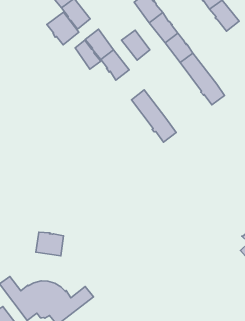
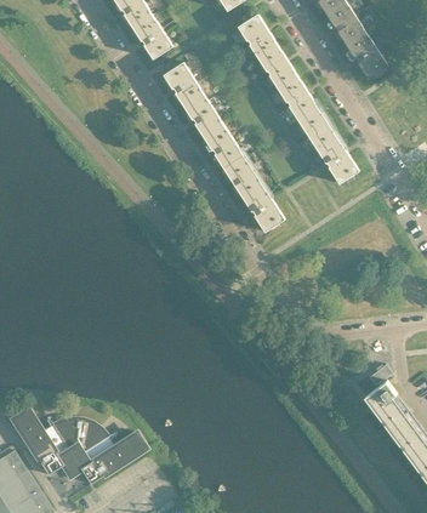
building: [47,12,79,45] -> none
building: [122,30,150,60] -> [203,124,243,167]
building: [75,40,101,69] -> none
building: [36,232,64,256] -> none

